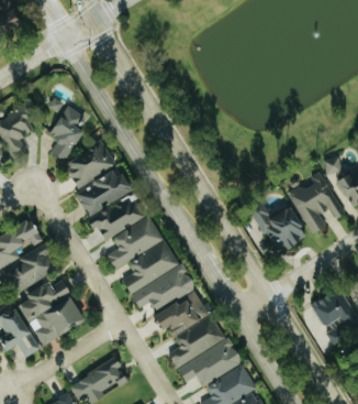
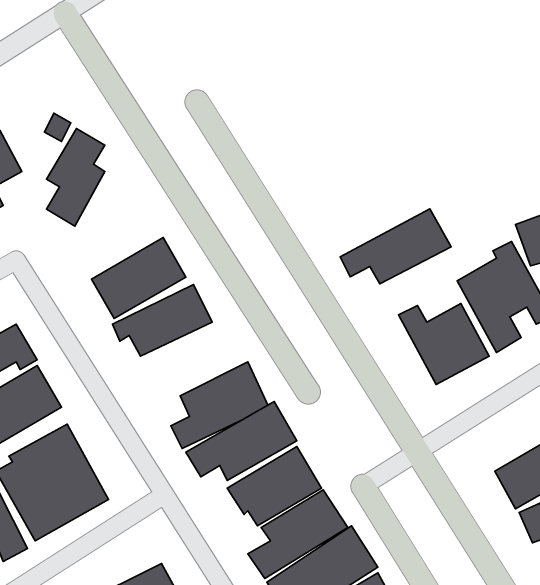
building: [64,142,114,187] -> none
building: none -> [340,209,451,284]
building: [105,216,163,269] -> none

